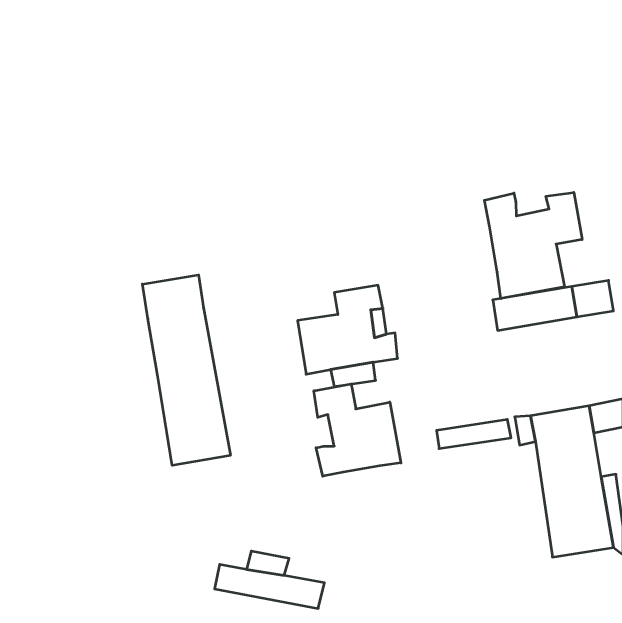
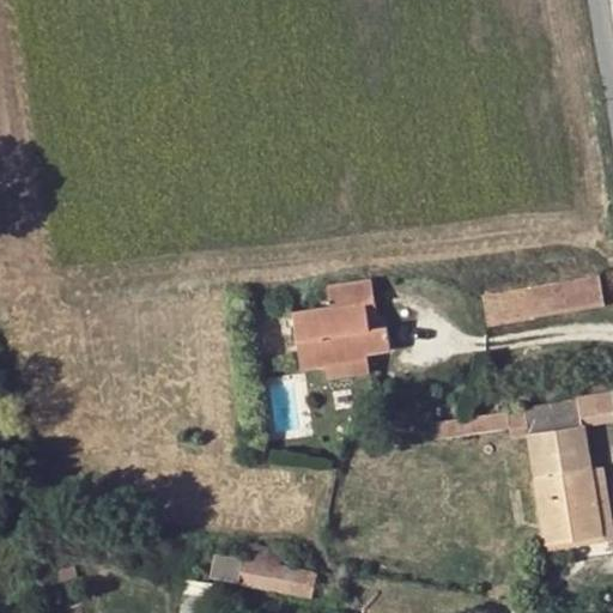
building: [484,192,582,299] -> none
building: [142,275,230,465] -> none
building: [314,384,401,476] -> none

